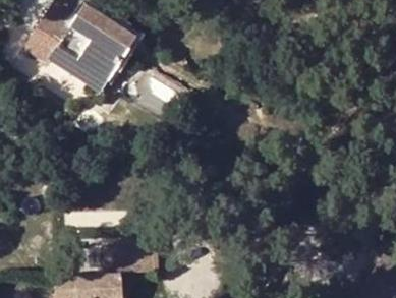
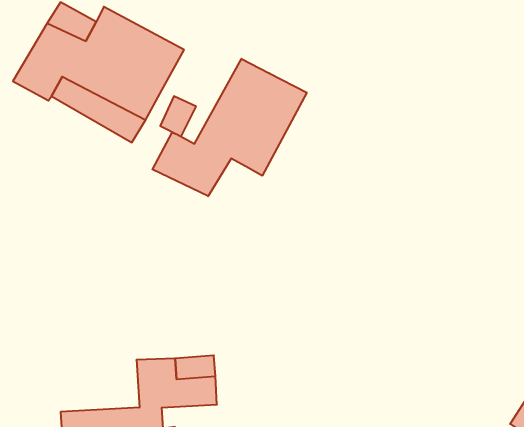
building: none -> [152,59,307,196]

